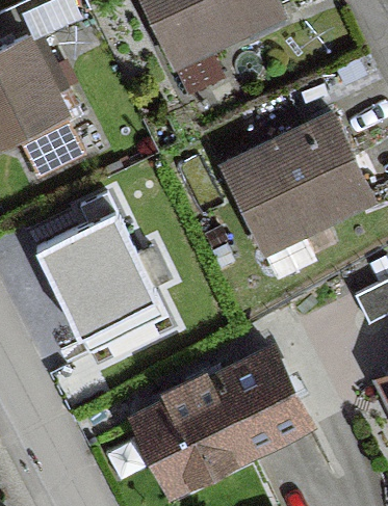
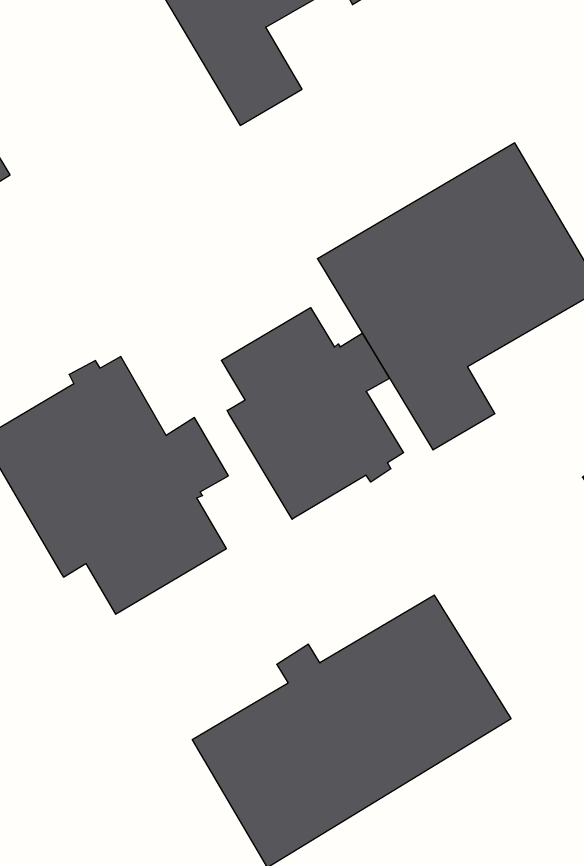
building: none -> [221,308,404,519]

